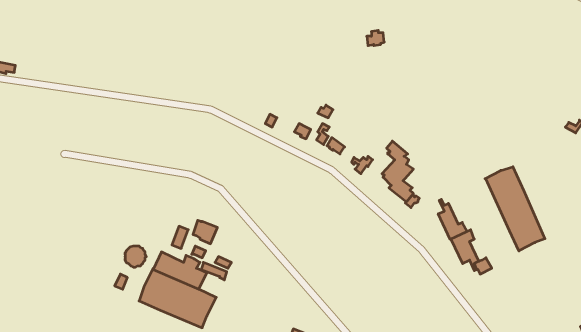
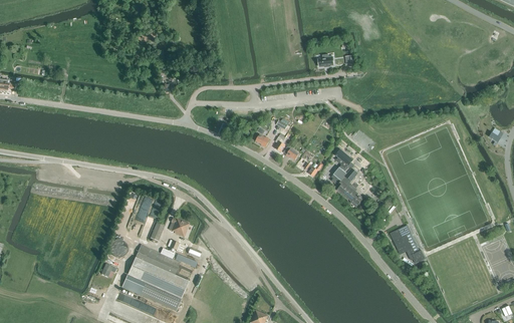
building: [485,167,545,251] -> none
building: [438,199,467,239] -> none

